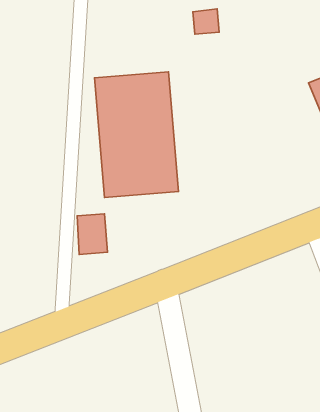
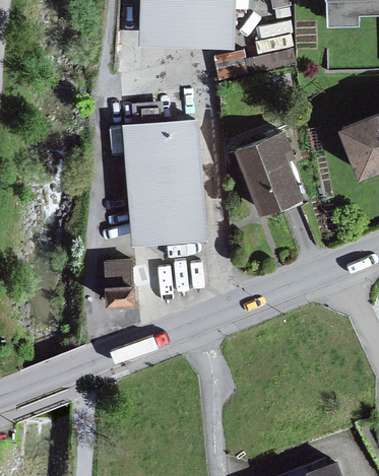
building: none -> [228,128,302,211]

